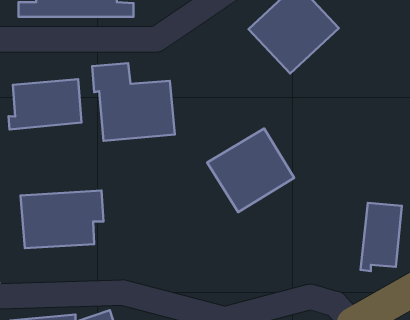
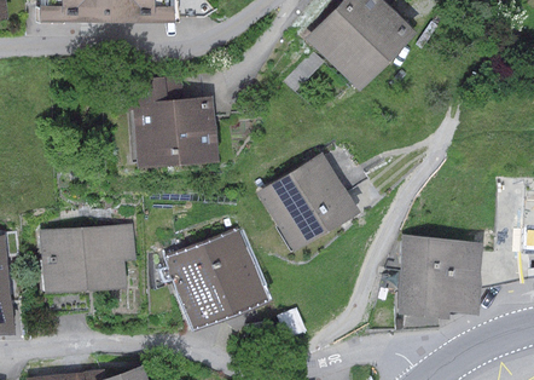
building: [8,79,82,129] -> none
building: none -> [164,226,268,330]
building: none -> [396,235,445,318]

